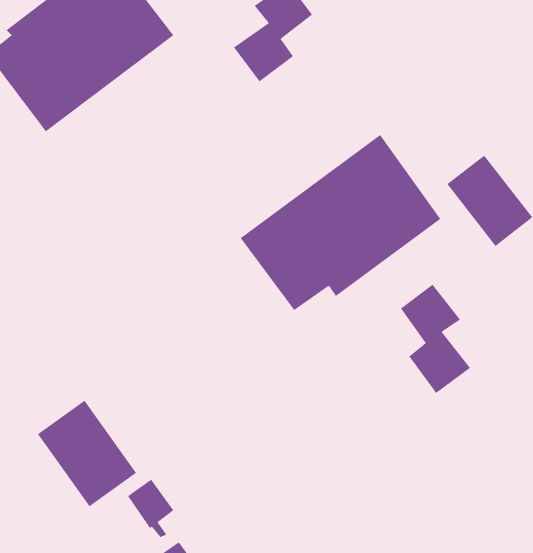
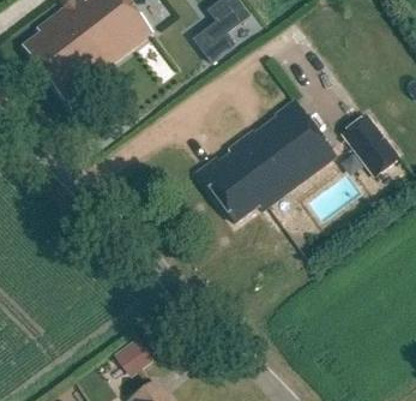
building: [400,284,471,394] -> none
building: [37,400,137,507] -> none

